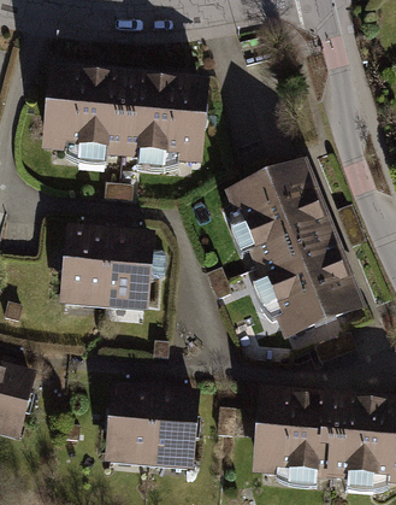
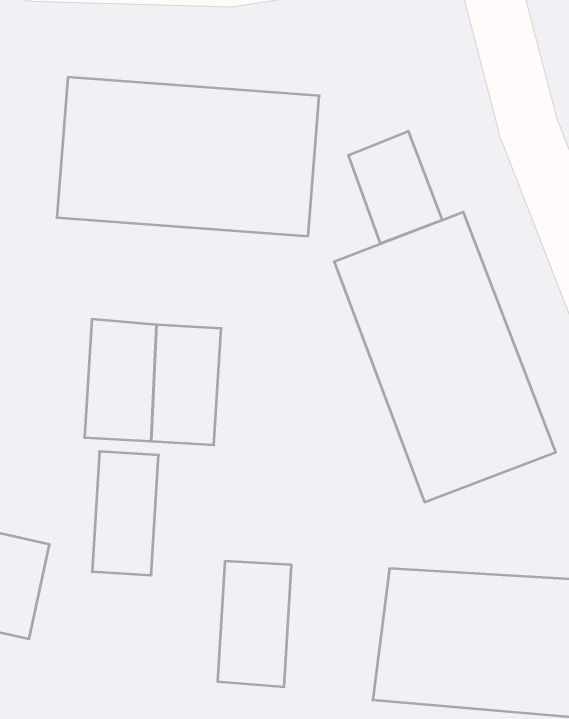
building: none -> [349,131,442,243]
building: [106,378,149,459] -> [92,451,159,575]

